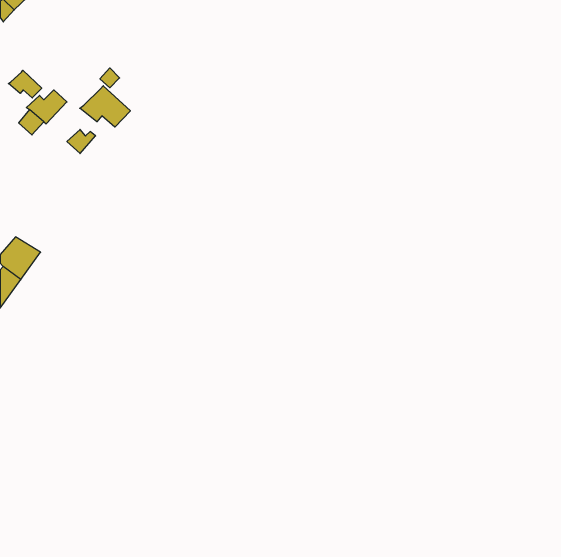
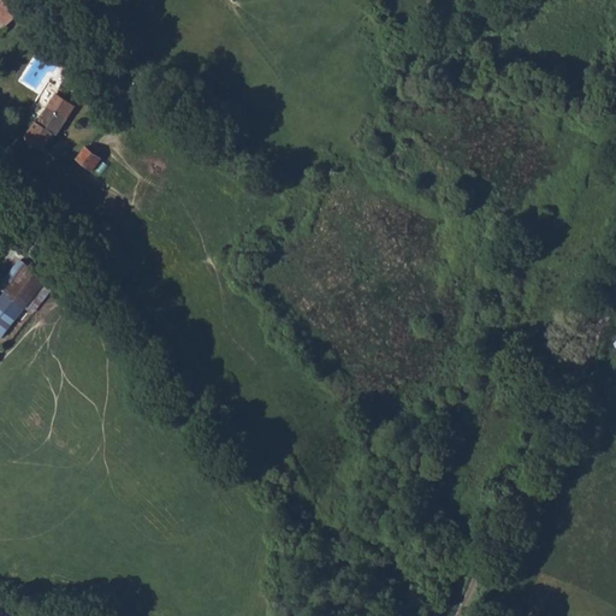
building: [8,70,42,98] -> none
building: [80,86,130,127] -> none

